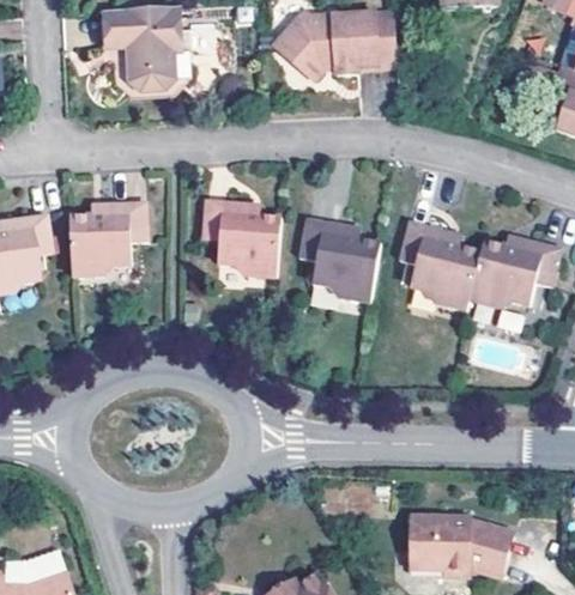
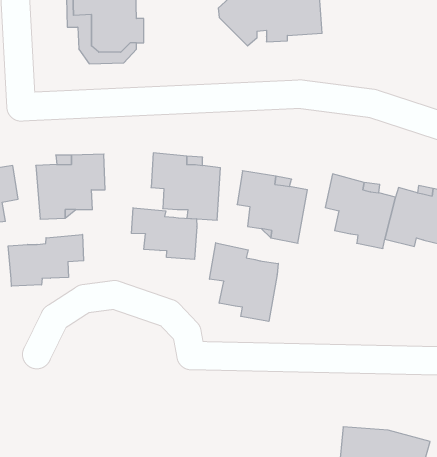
building: none -> [131,208,197,259]
building: none -> [8,234,84,286]
building: none -> [210,243,278,321]

